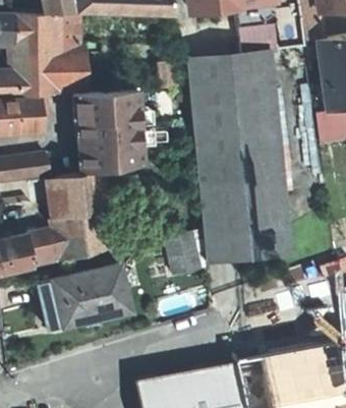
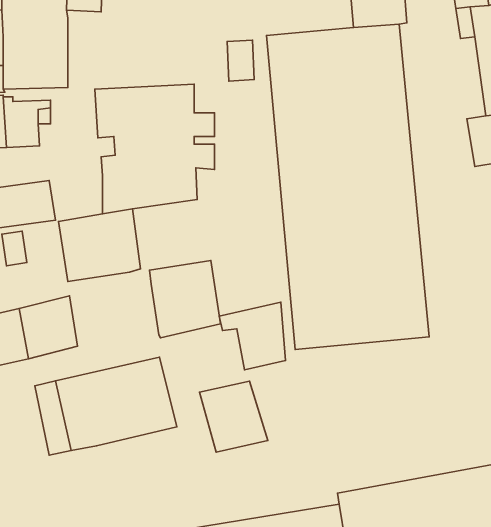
building: [58,47,88,93] -> none
building: [58,212,104,261] -> [149,261,220,338]
building: none -> [199,381,268,452]

